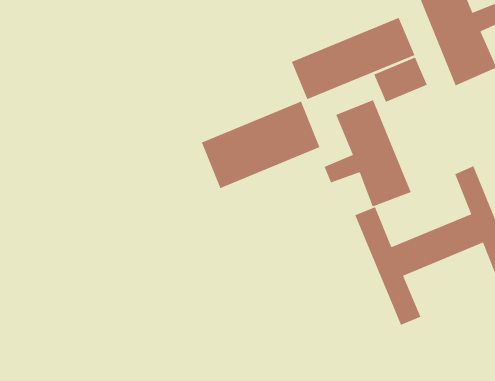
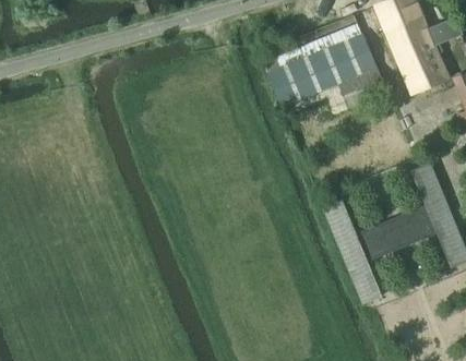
building: [323,99,412,208] -> none
building: [201,101,321,189] -> none

